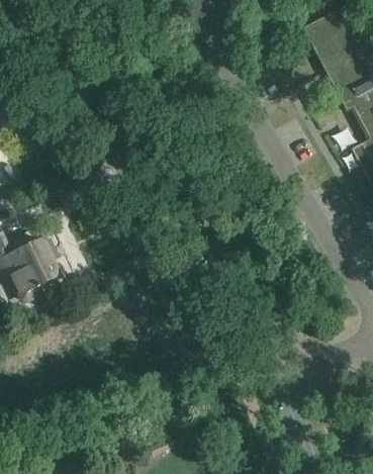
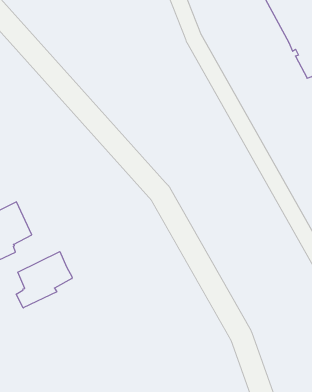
building: none -> [16,252,72,308]

